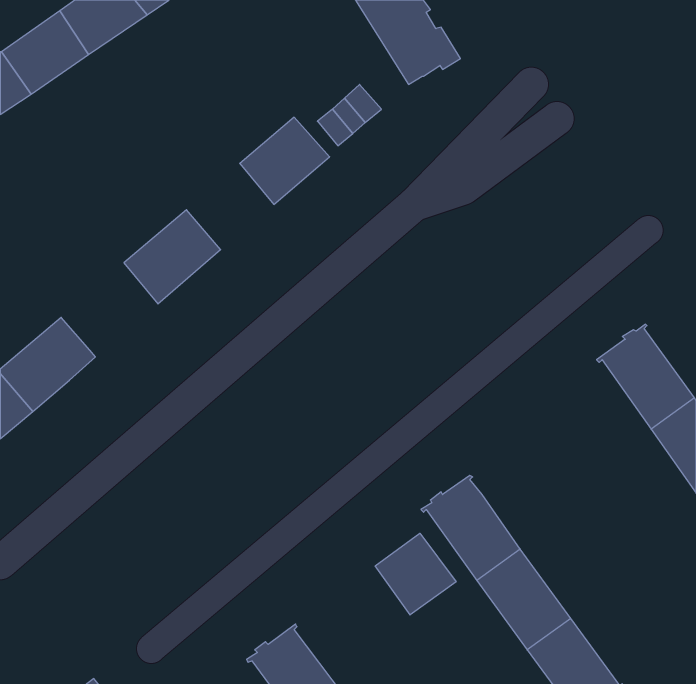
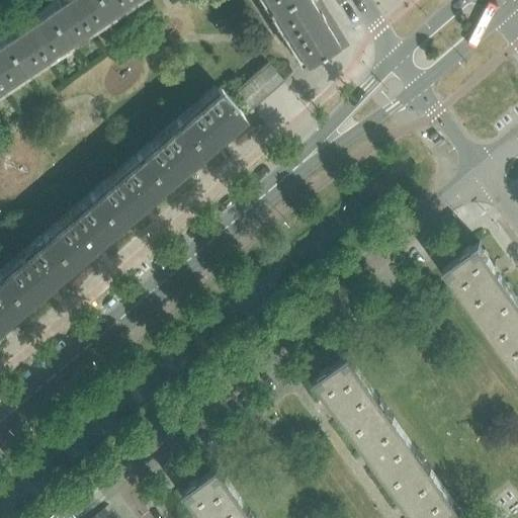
building: none -> [139,131,203,194]
building: none -> [46,204,117,274]
building: [375,533,456,615] -> none

